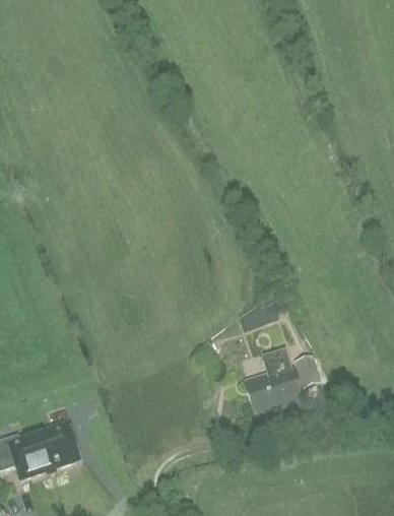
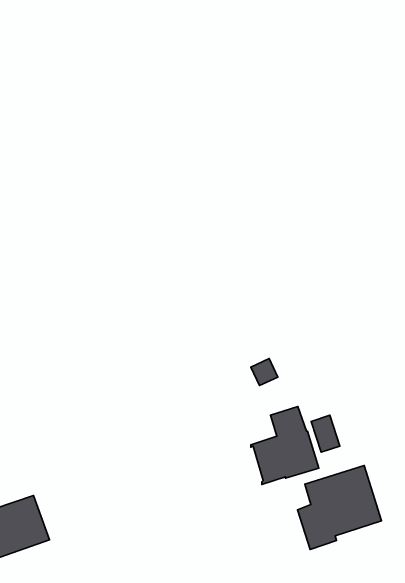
building: none -> [297,466,381,549]

